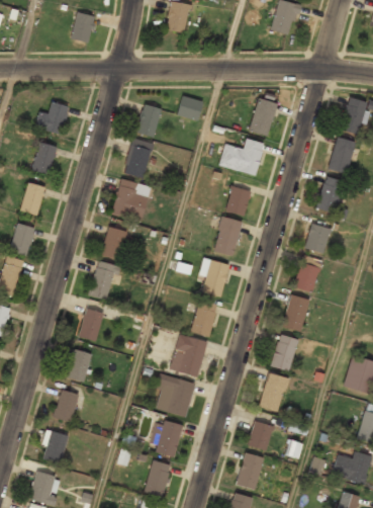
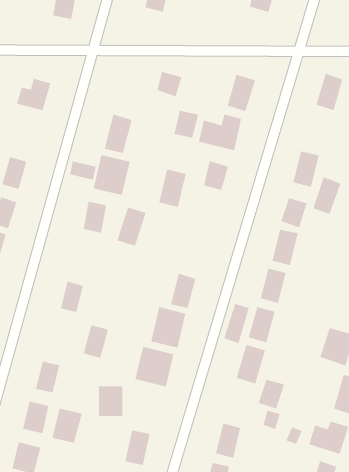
building: [134,103,162,138] -> none
building: none -> [174,110,199,138]
building: [327,136,356,174] -> [312,177,341,214]
building: [32,142,57,175] -> none
building: none -> [70,160,96,181]
building: [213,216,242,255] -> [159,169,186,208]
building: [199,257,229,294] -> none
building: [88,260,118,301] -> [117,207,146,246]
building: none -> [224,303,250,344]
building: [66,348,92,383] -> [83,325,109,358]
building: [247,421,274,451] -> [258,379,285,409]
building: [154,422,179,453] -> [98,386,123,417]
building: none -> [52,408,83,443]

